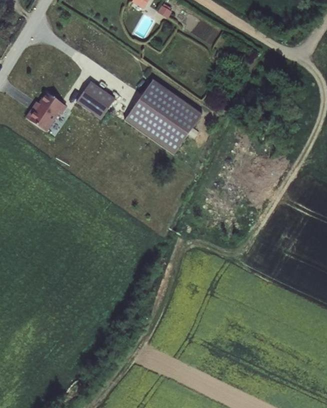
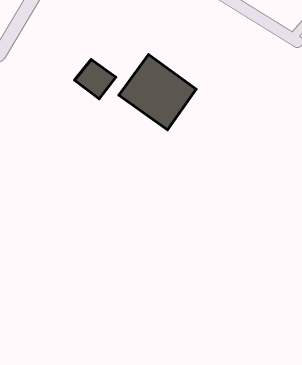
building: [26,90,66,129] -> none

